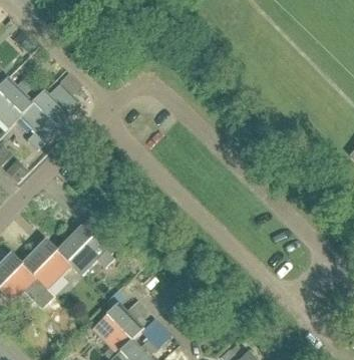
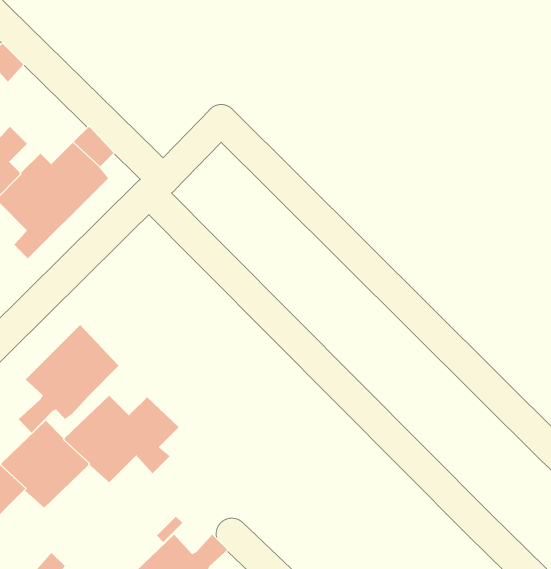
building: none -> [18,324,120,434]

